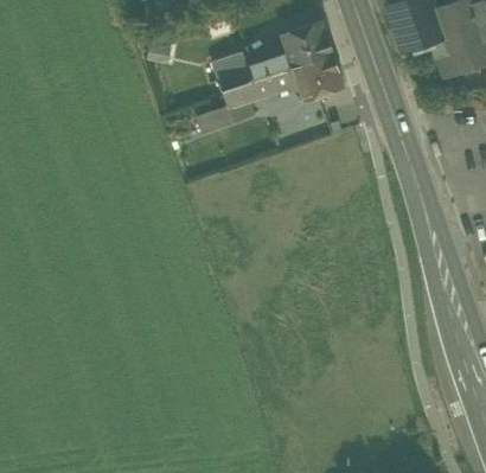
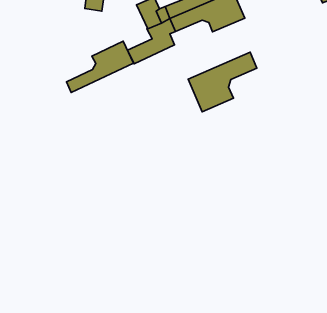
building: none -> [66,41,134,92]
building: none -> [188,52,257,112]

